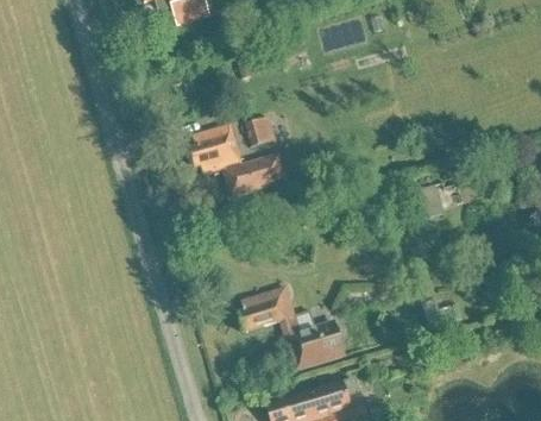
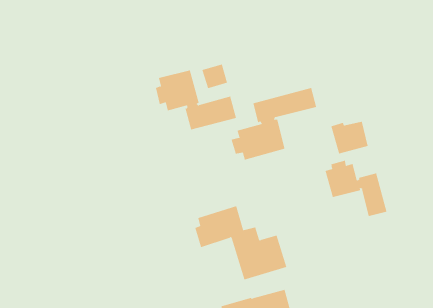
building: none -> [231,87,317,160]
building: none -> [325,160,387,217]

